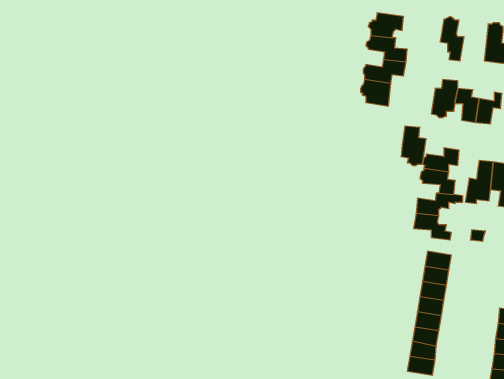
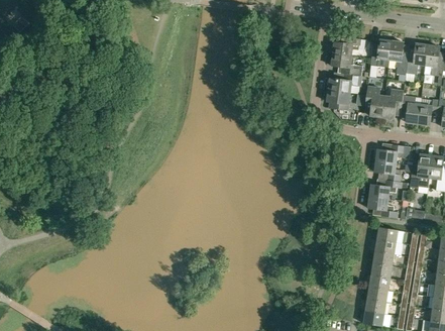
building: none -> [369,37,392,66]
building: none -> [406,41,427,74]
building: [401,126,426,165] -> [364,86,384,117]

